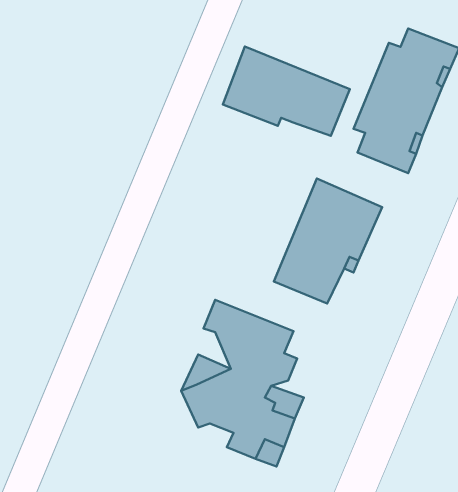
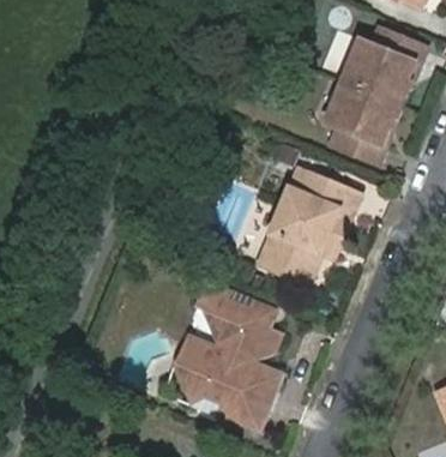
building: [223,47,350,136] -> none

